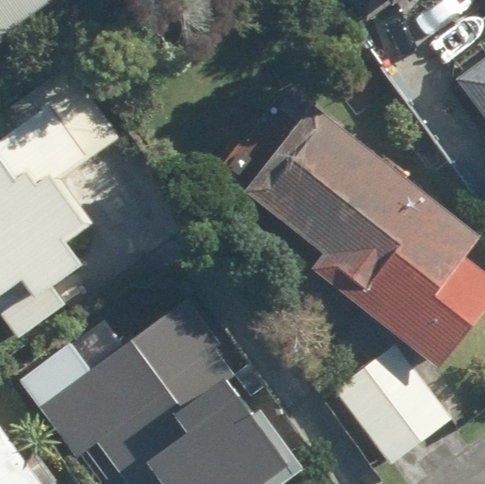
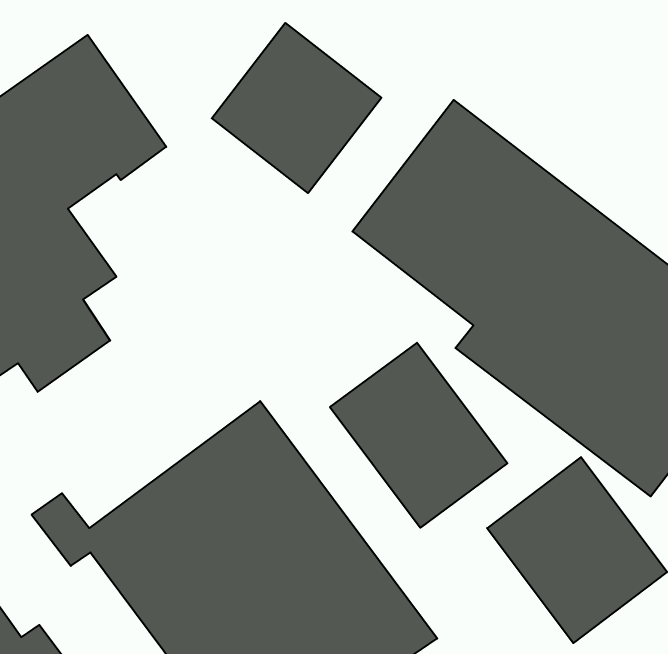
building: none -> [212,23,381,193]
building: none -> [330,343,507,528]

